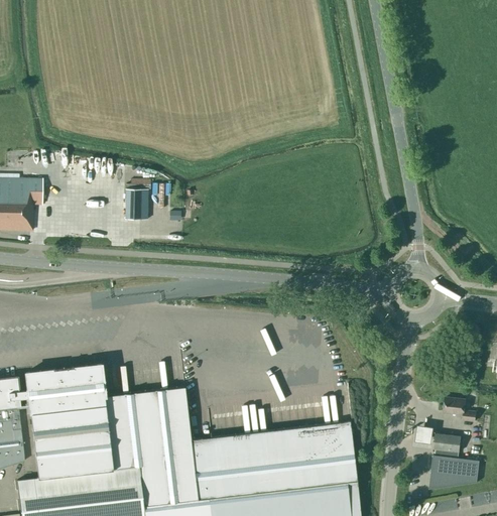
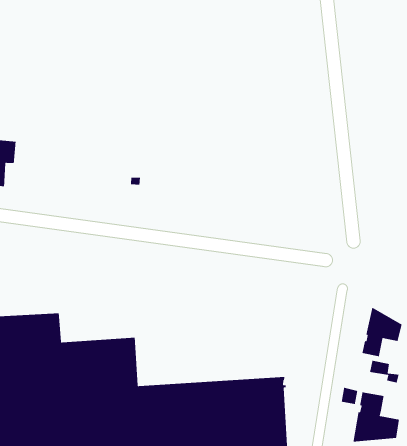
building: [124,189,147,220] -> none
building: none -> [362,306,402,357]

